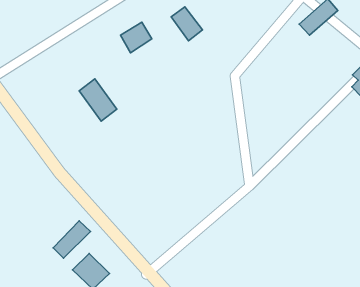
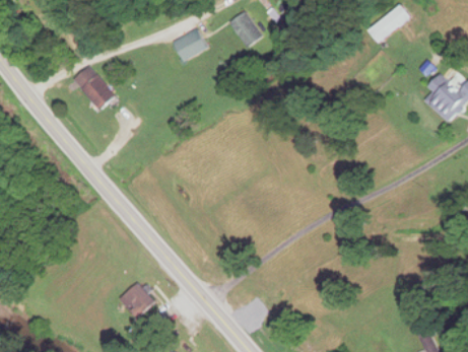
building: [79,79,117,121] -> [74,65,116,112]
building: [53,221,90,258] -> none

